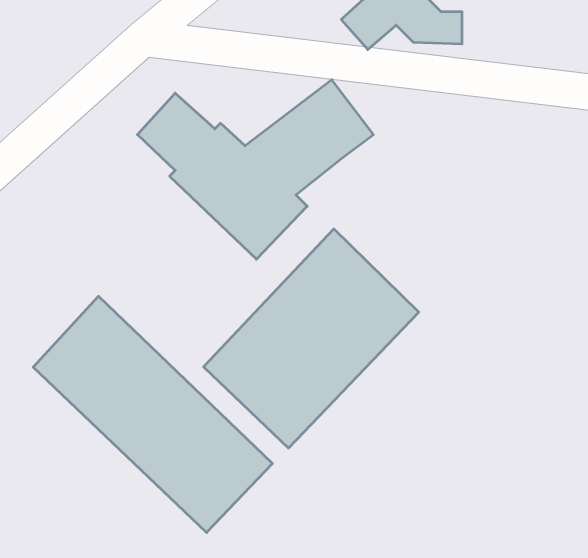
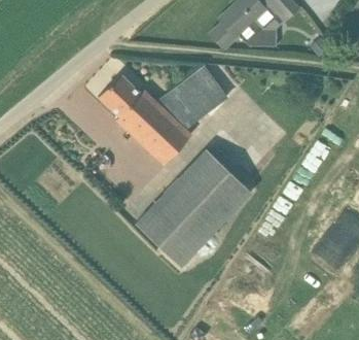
building: [33,296,272,533] -> none

